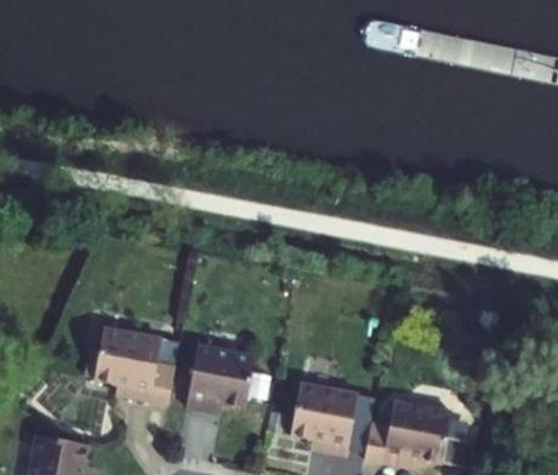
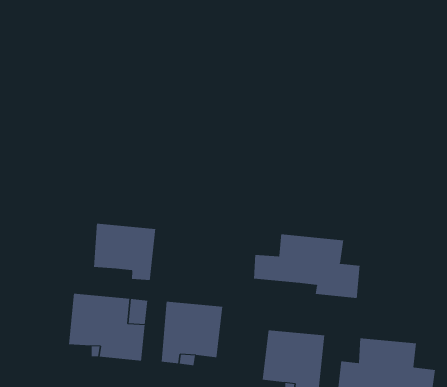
building: none -> [94,223,156,281]
building: none -> [253,233,360,299]

